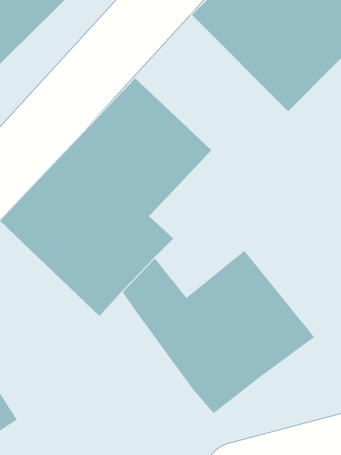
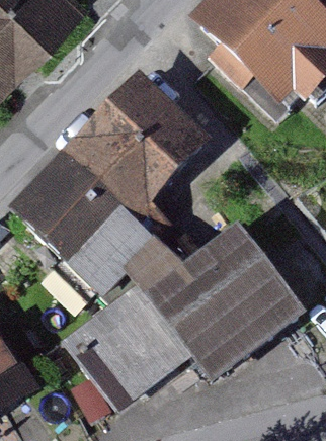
building: none -> [64,288,187,412]

